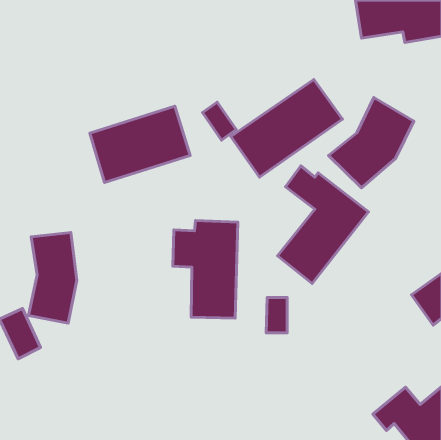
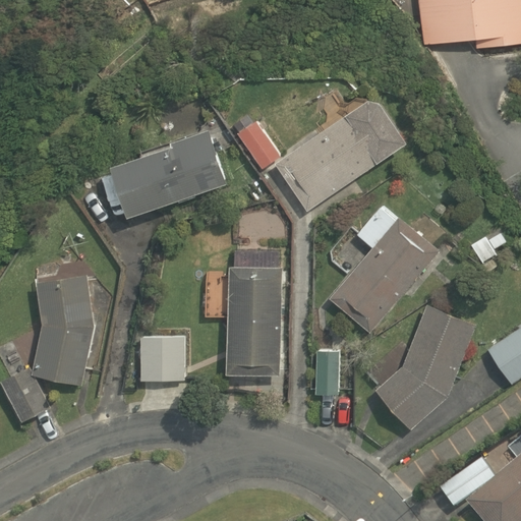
building: [329,98,414,188] -> none
building: none -> [378,306,476,431]
building: none -> [136,331,187,380]

